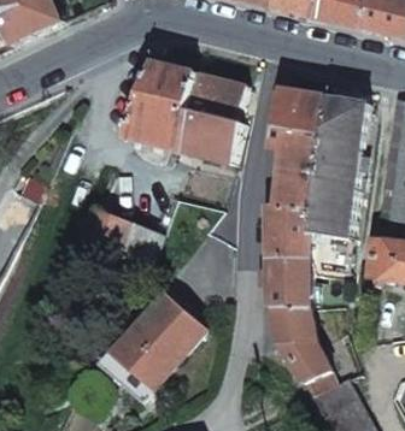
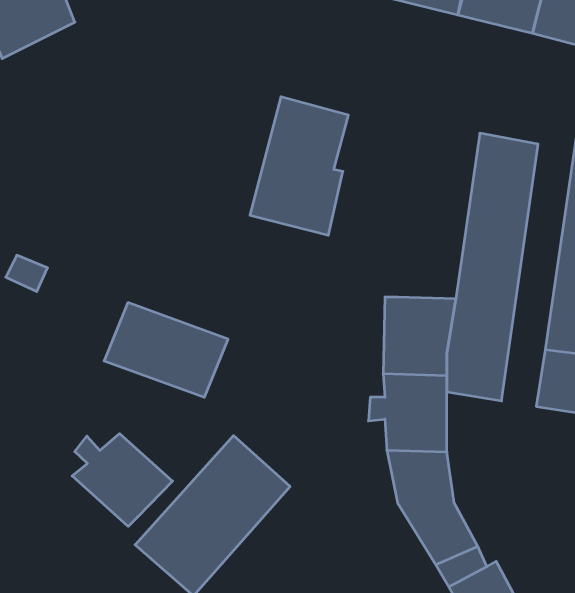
building: [124,60,198,148] -> none
building: [271,85,329,203] -> none
building: none -> [72,434,173,526]

